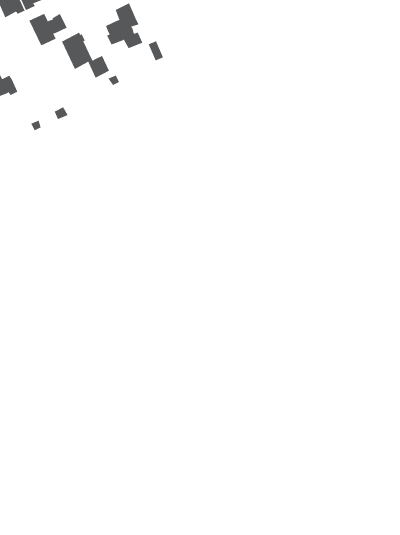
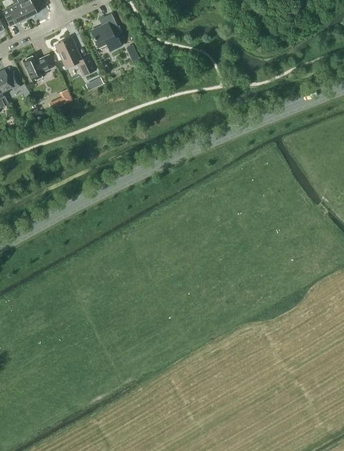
building: [28,13,68,46] -> [22,54,54,81]

